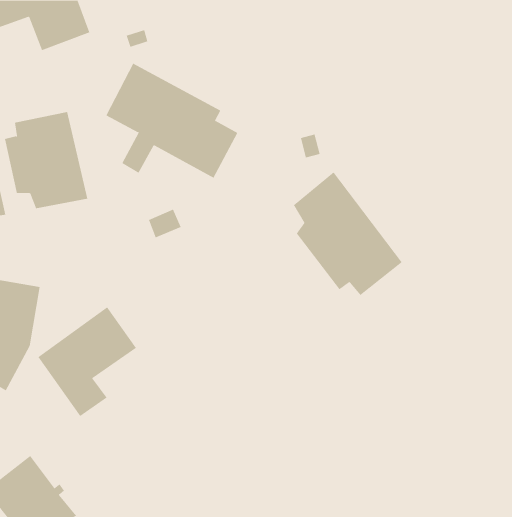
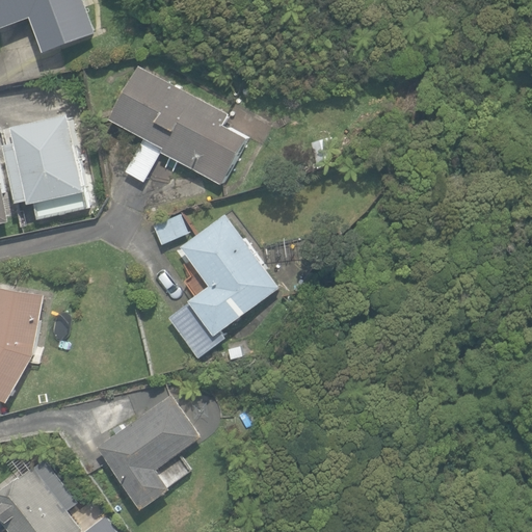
building: [293,172,402,296] -> none
building: none -> [166,215,277,357]
building: [37,306,137,417] -> [97,395,198,508]

